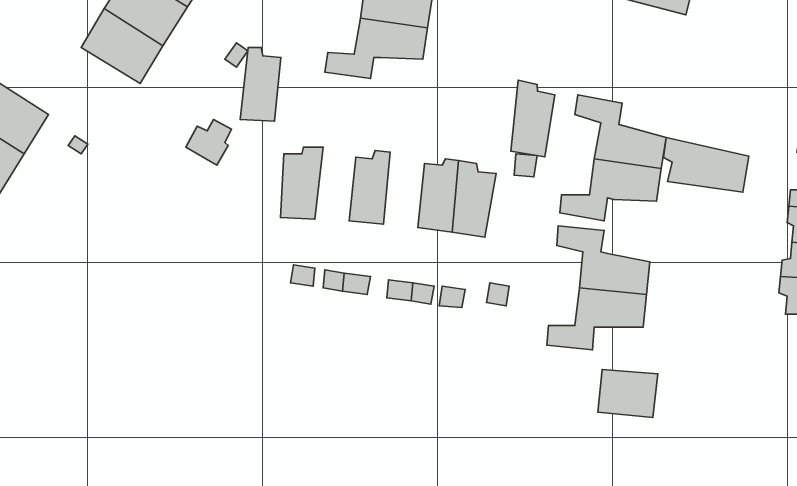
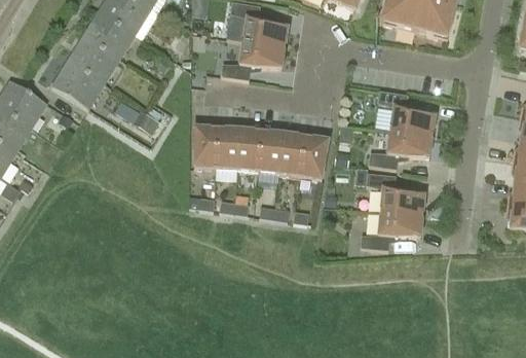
building: [240,48,281,121] -> [214,122,239,169]
building: none -> [50,60,104,108]
building: [511,80,555,157] -> none
building: [664,137,749,192] -> none
building: none -> [257,126,283,173]
building: [598,370,658,418] -> none

